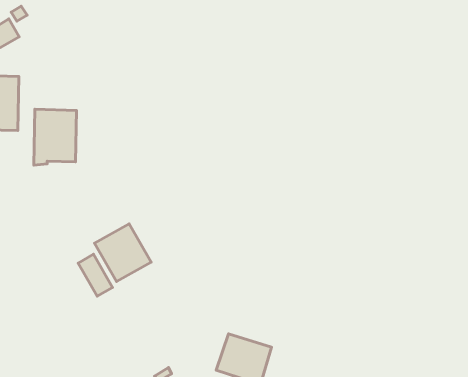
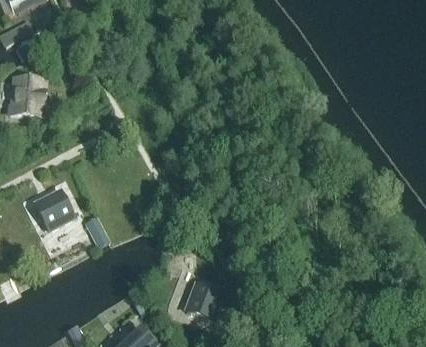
building: [34,109,76,165] -> none
building: [95,224,151,281] -> [32,188,74,231]

